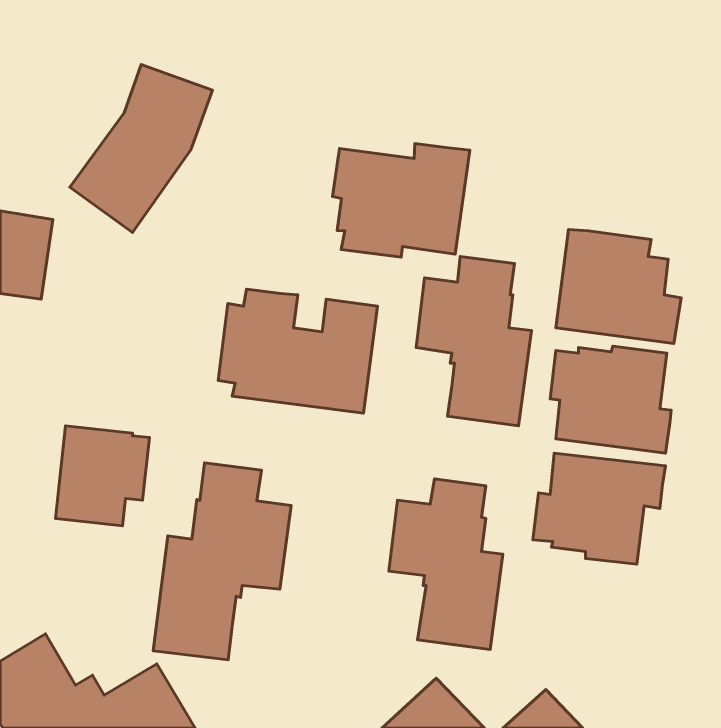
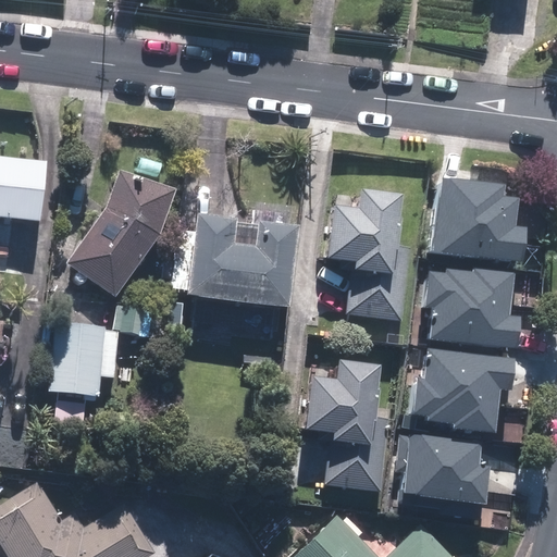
building: [70,65,212,233] -> [66,174,175,302]
building: [332,143,470,257] -> none
building: [153,463,291,660] -> none
building: none -> [403,430,488,502]

